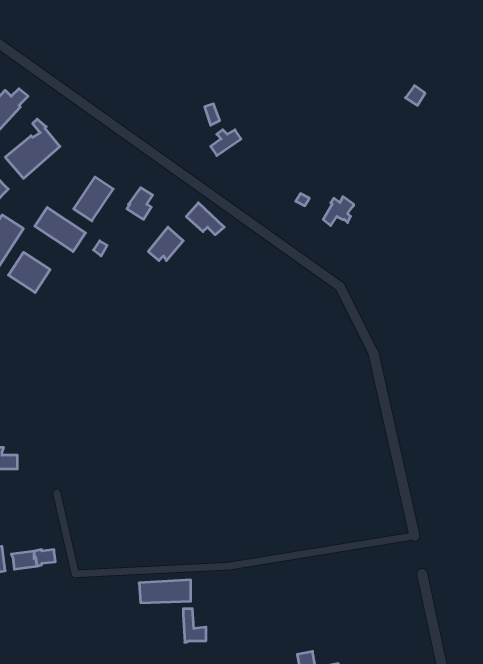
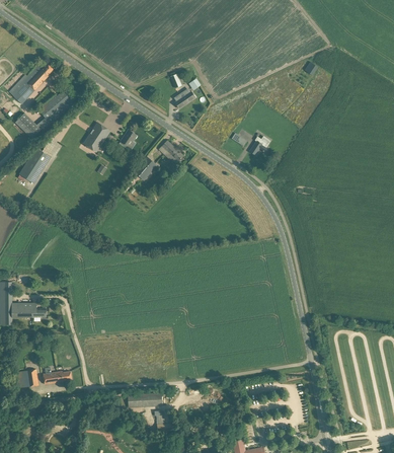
building: [35,207,86,252] -> none
building: [8,252,50,293] -> none

